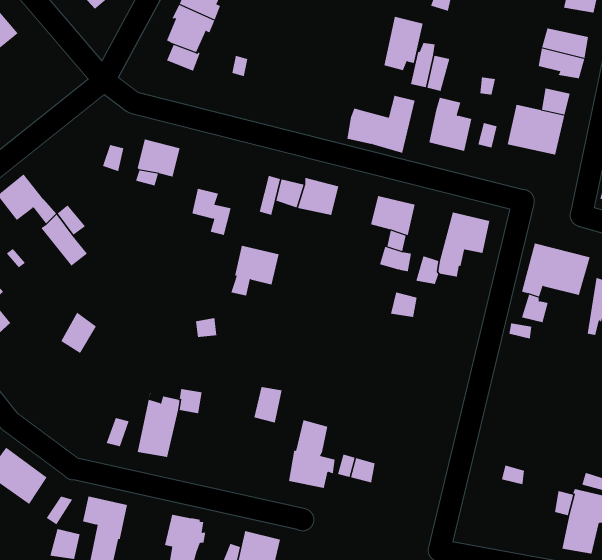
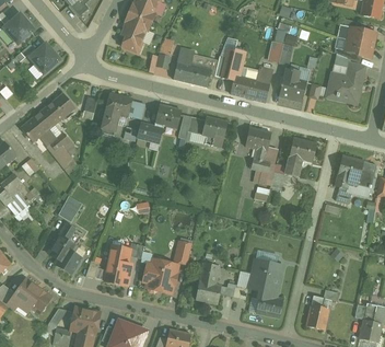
building: [383,16,423,71] -> [220,47,244,80]
building: none -> [28,43,57,73]
building: none -> [172,56,211,86]
building: none -> [36,93,74,129]
building: [230,245,280,296] -> [151,104,180,135]
building: none -> [48,223,75,264]
building: none -> [142,256,177,293]
building: none -> [249,261,282,317]
building: none -> [305,294,329,329]

